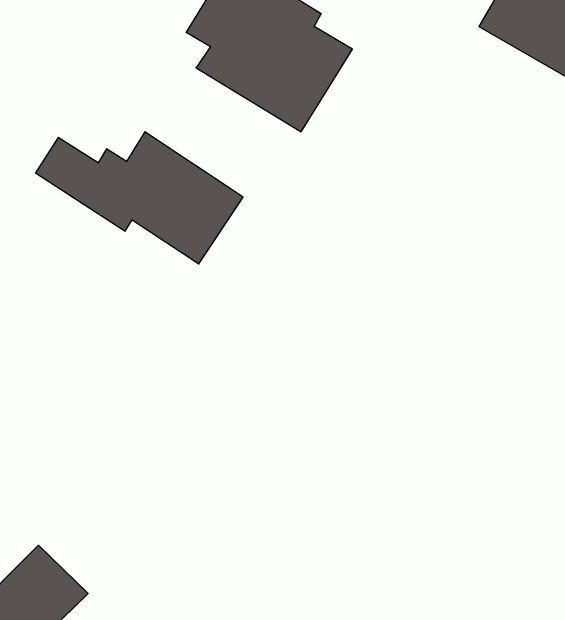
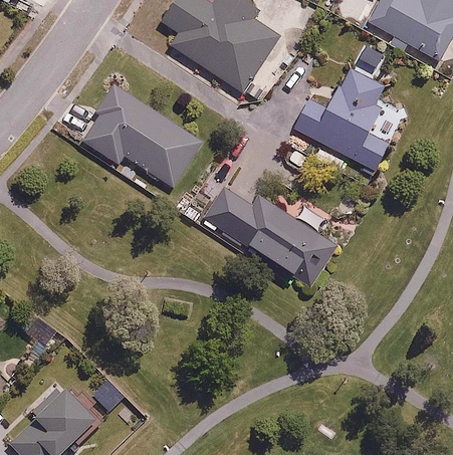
building: none -> [296,65,390,171]
building: none -> [204,183,336,284]

